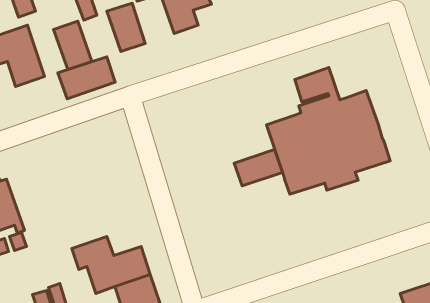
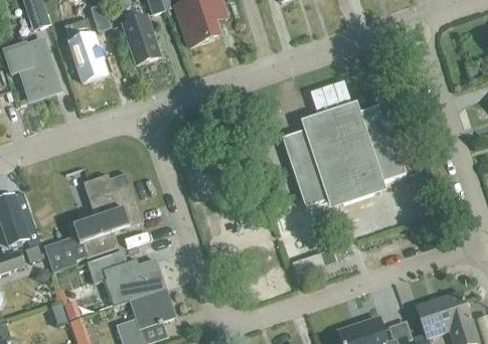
building: [58,57,115,99] -> none
building: [234,150,283,186] -> none
building: none -> [43,173,143,272]

